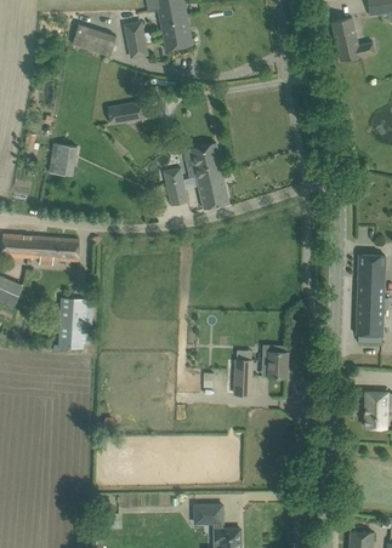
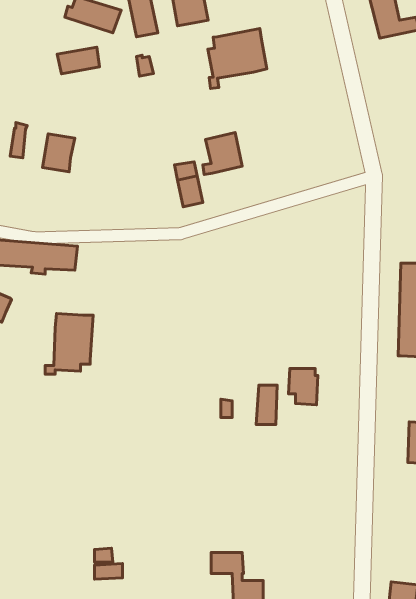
building: none -> [208,28,267,89]
building: [107,101,143,124] -> [57,47,99,74]
building: [195,171,228,209] -> none

